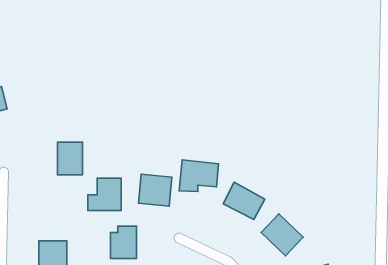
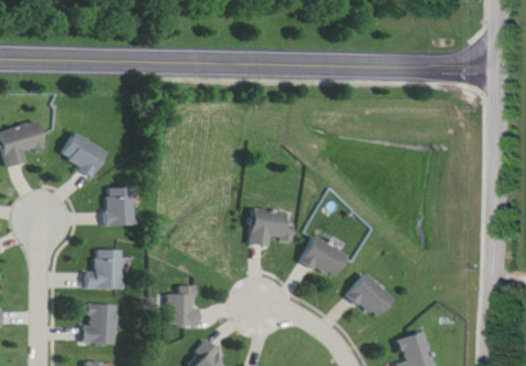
building: none -> [59,129,107,176]
building: [138,174,172,206] -> none
building: [88,178,121,211] -> [83,249,123,287]

